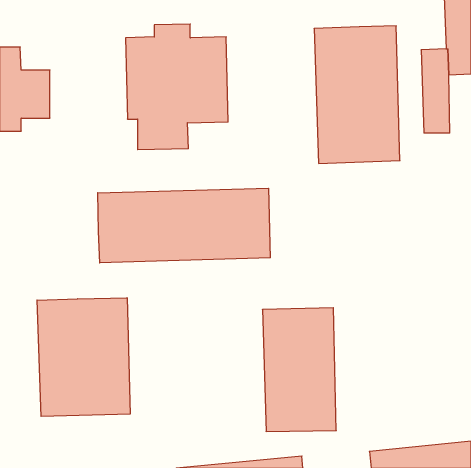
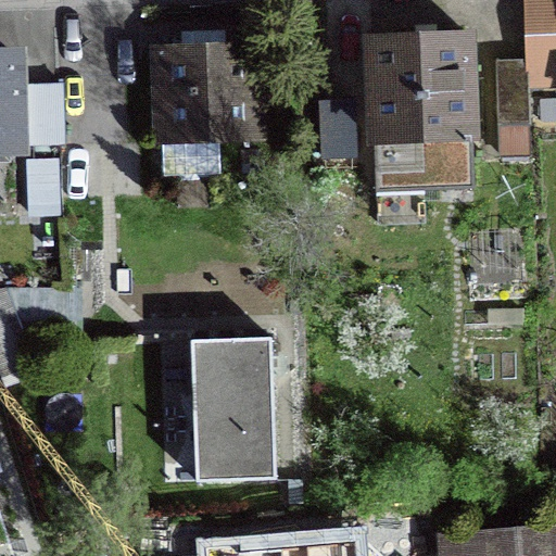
building: [98,188,270,263] -> none
building: [37,298,130,416] -> none
building: [262,308,336,431] -> [189,340,276,485]

